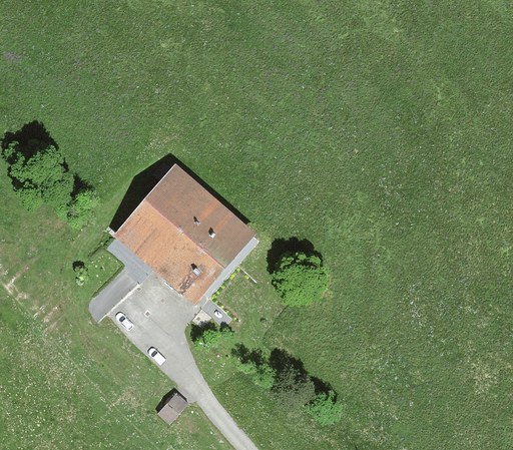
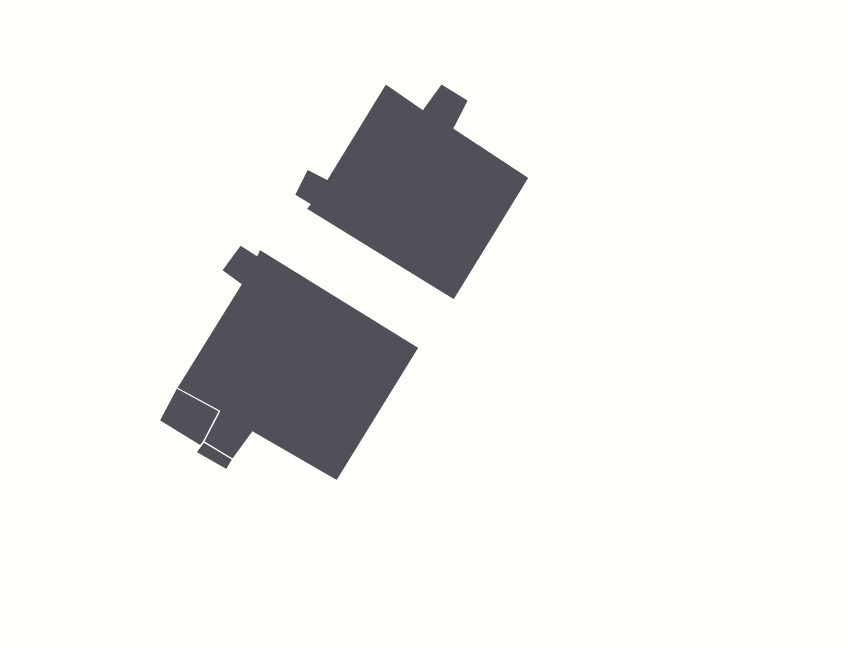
building: none -> [294,83,529,300]

